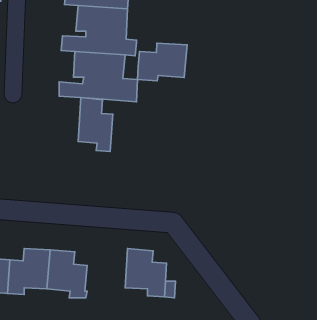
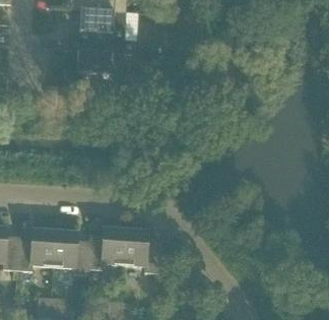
building: [137,43,187,81] -> none
building: [78,98,113,152] -> none
building: none -> [86,228,125,268]

